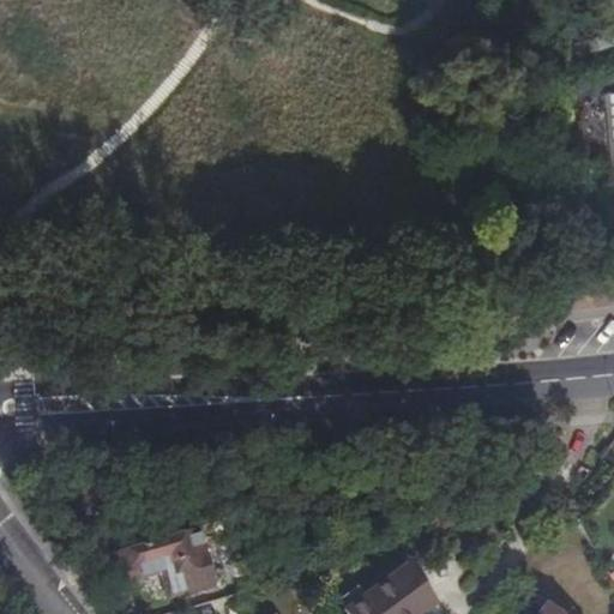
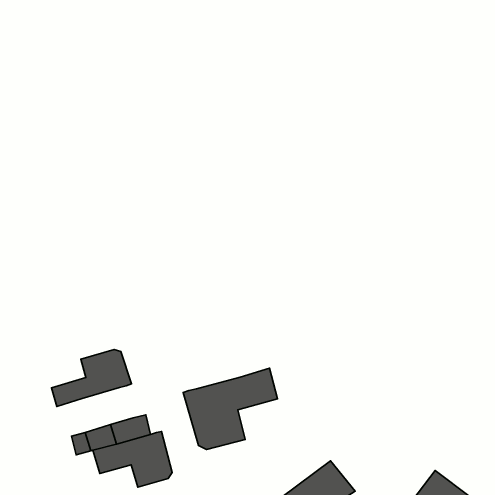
building: none -> [51,350,131,407]
building: none -> [183,368,277,450]

